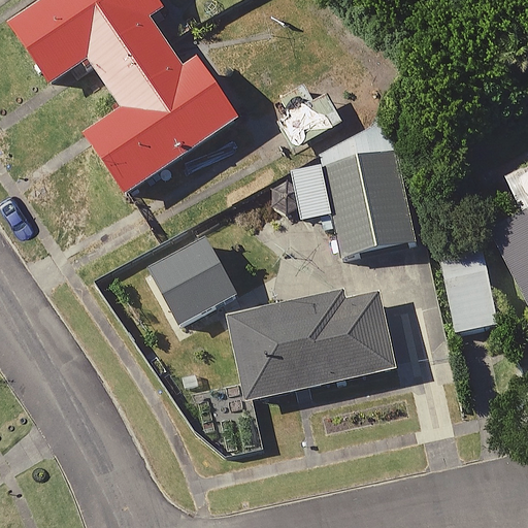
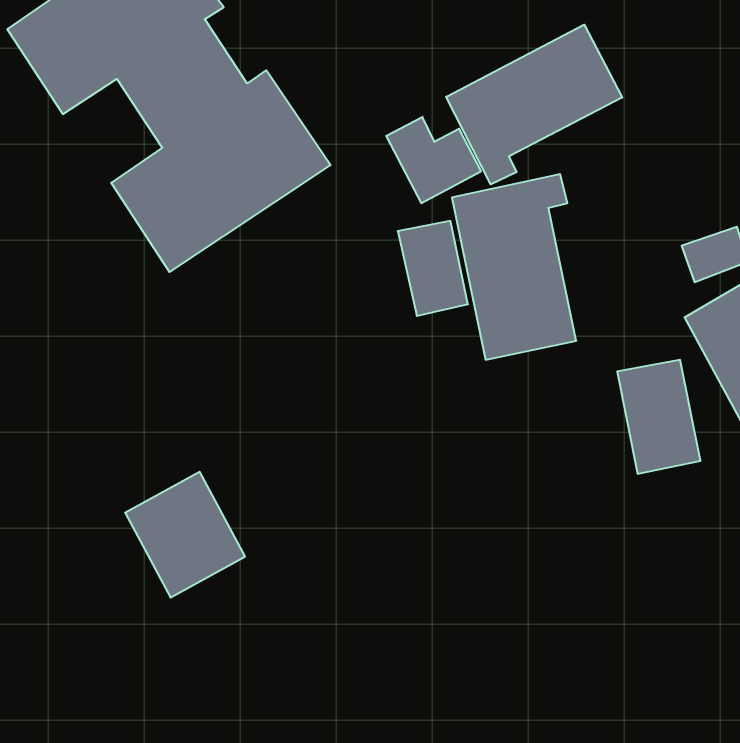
building: none -> [446,25,622,184]
building: [150,237,234,326] -> [125,472,245,598]
building: [232,284,396,398] -> none

